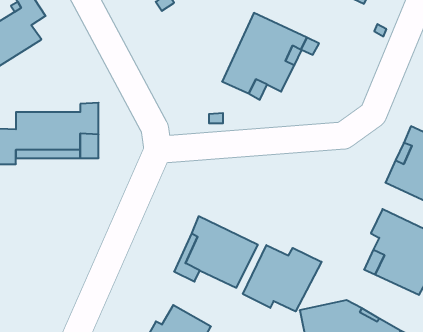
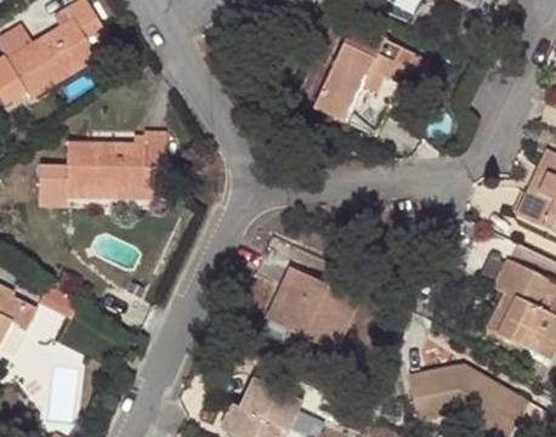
building: [243,245,322,311] -> none

